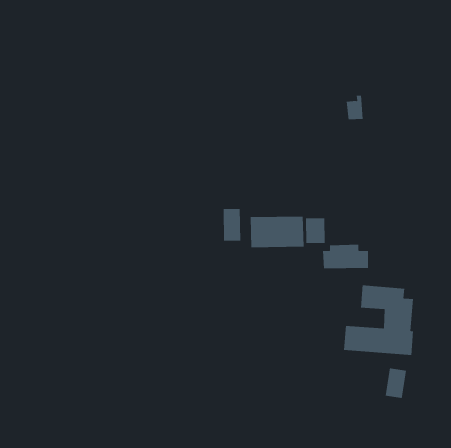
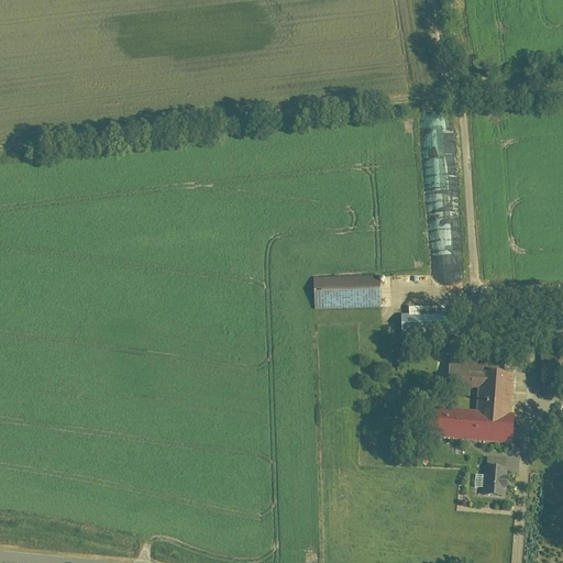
building: [223,208,241,242] -> none
building: [305,218,325,244] -> none

